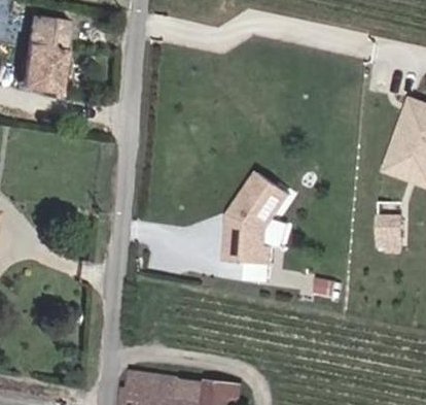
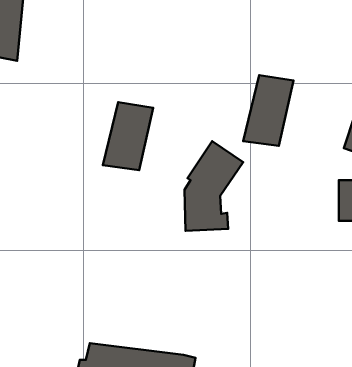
building: none -> [243,75,294,146]
building: none -> [103,102,153,170]

